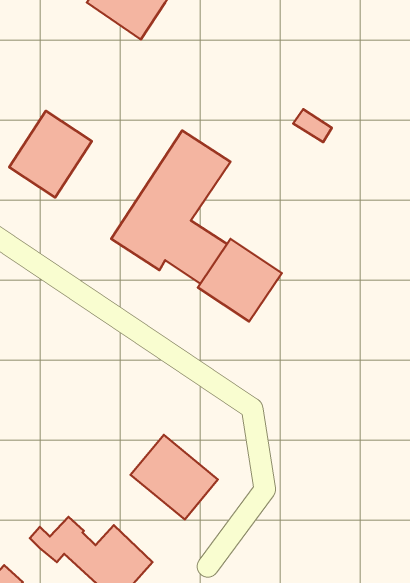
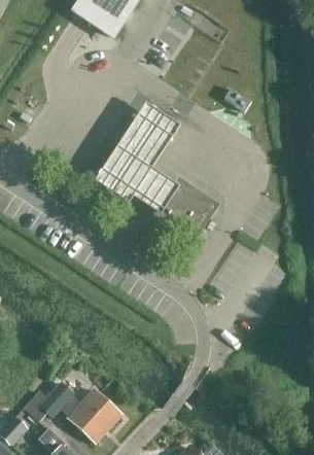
building: [9,111,92,197] -> none
building: [131,435,218,519] -> none

